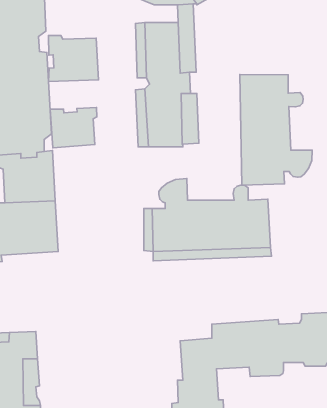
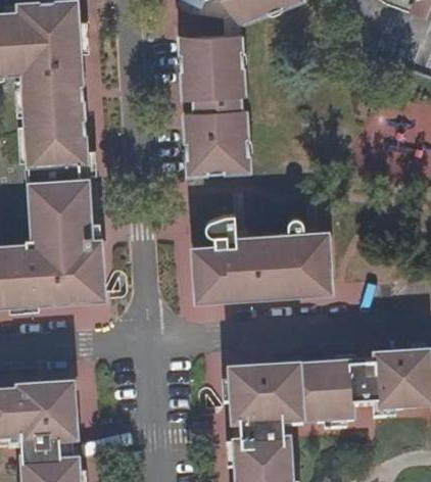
building: [49,35,99,82] -> none
building: [240,74,312,185] -> none
building: [50,108,97,148] -> none
building: none -> [227,372,275,433]

